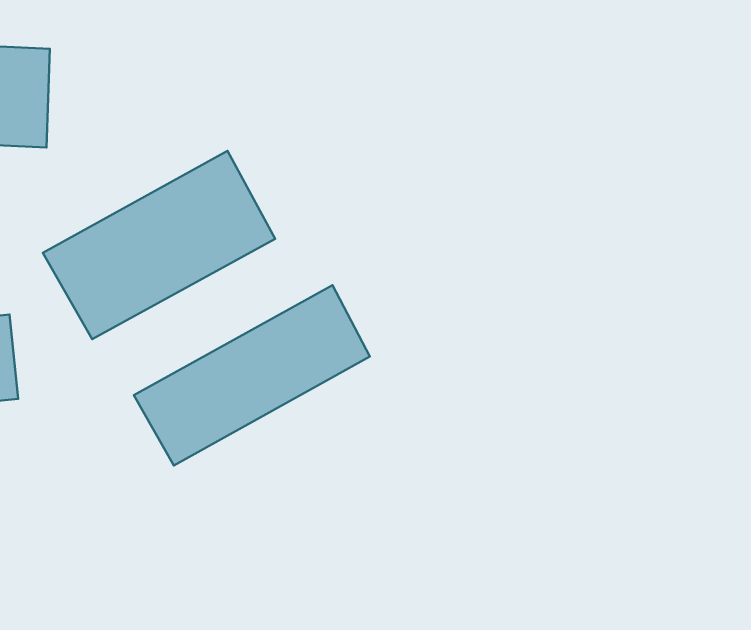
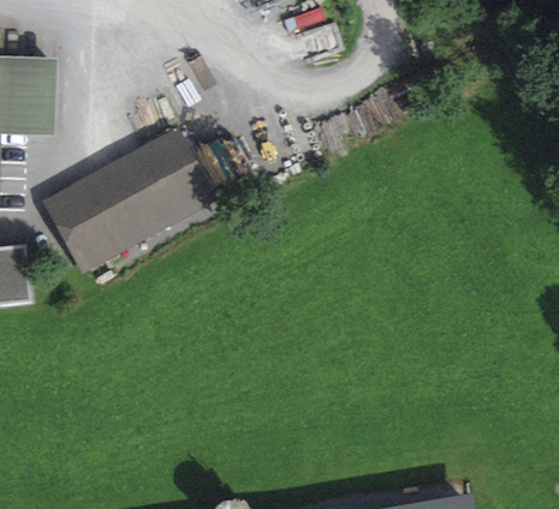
building: [134,285,370,466] -> none

